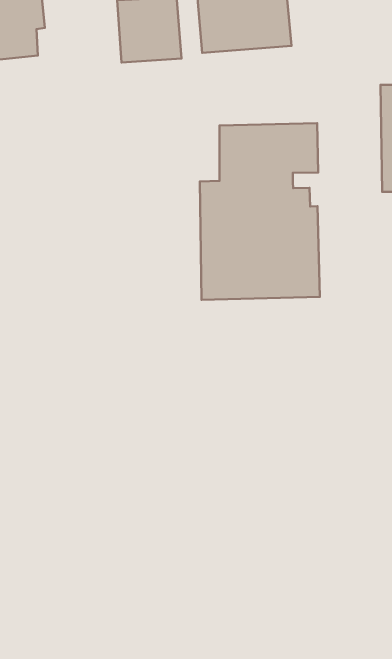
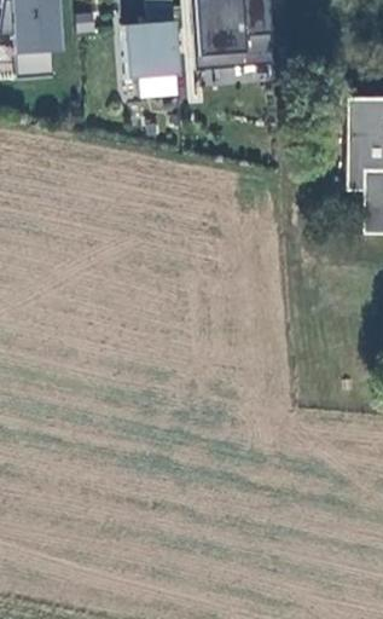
building: [200,123,320,300] -> none

